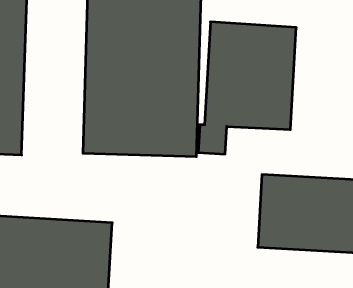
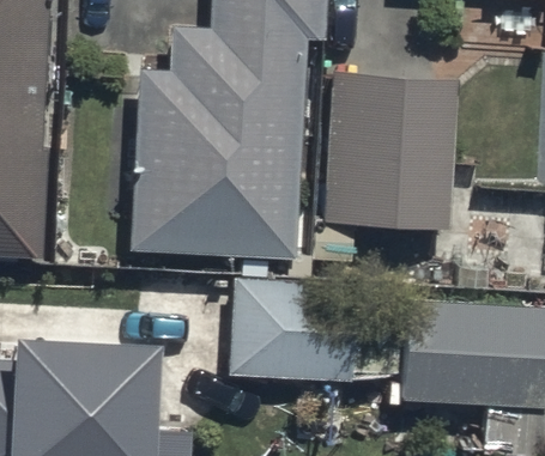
building: none -> [223,273,347,373]

